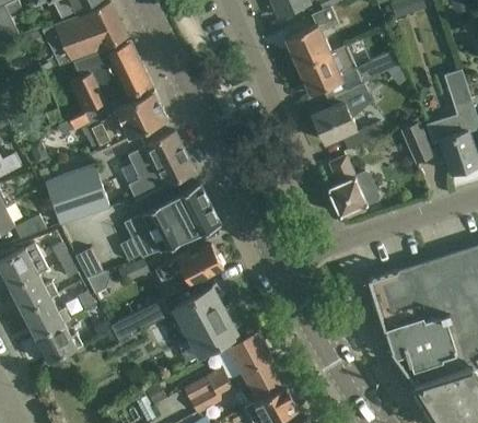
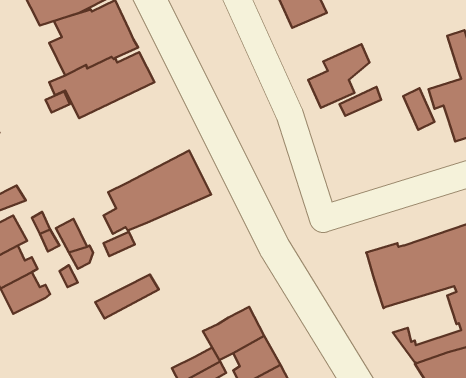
building: [298,47,401,99] -> none
building: [119,132,195,201] -> none
building: [327,156,377,216] -> none
building: [46,167,109,225] -> none
building: [159,246,223,286] -> none
building: [176,287,243,359] -> none
building: [384,312,457,367] -> none
building: [34,322,82,364] -> none

